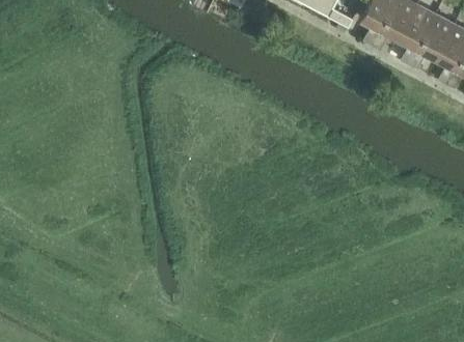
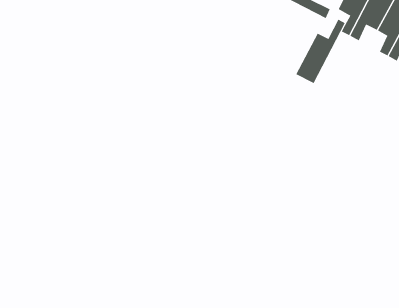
building: none -> [296,19,345,84]

